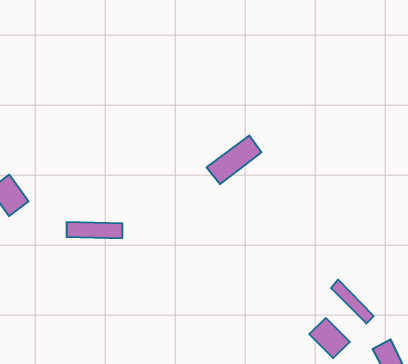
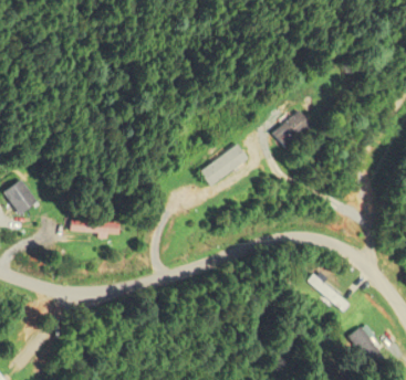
building: none -> [271,108,313,150]
building: [309,318,350,358] -> none

